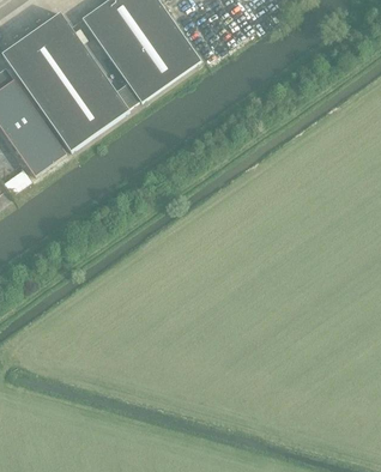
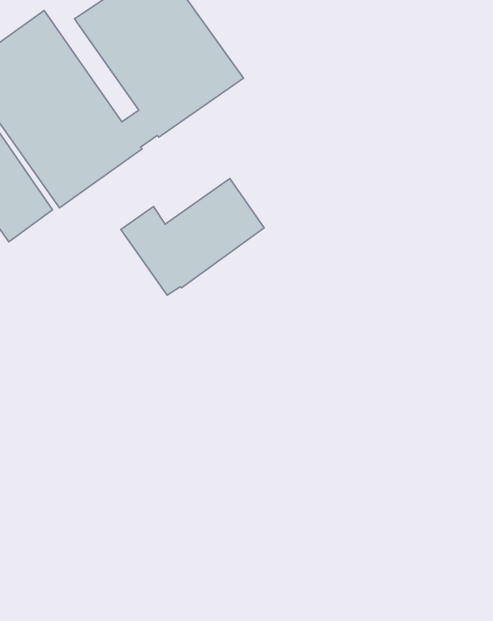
building: none -> [121,178,264,295]

